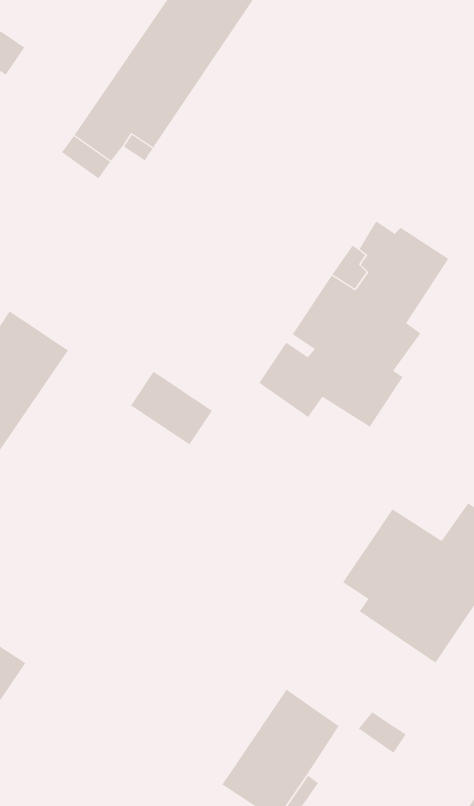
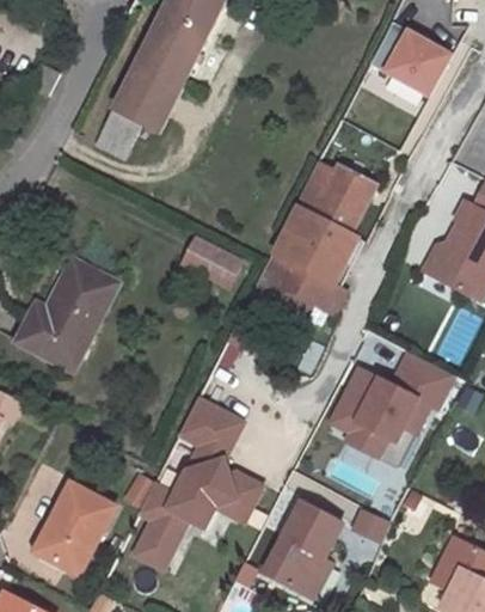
building: [130,371,213,445] -> [179,237,238,286]
building: none -> [131,396,265,573]

